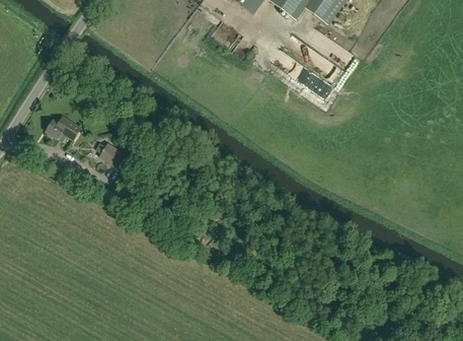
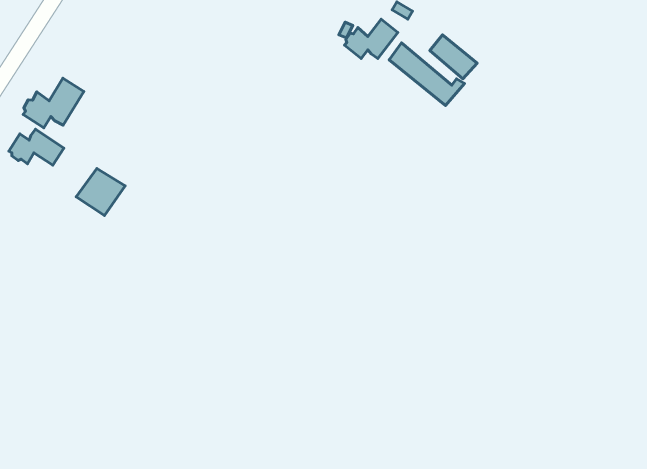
building: none -> [344,19,398,59]
building: none -> [23,78,84,128]

